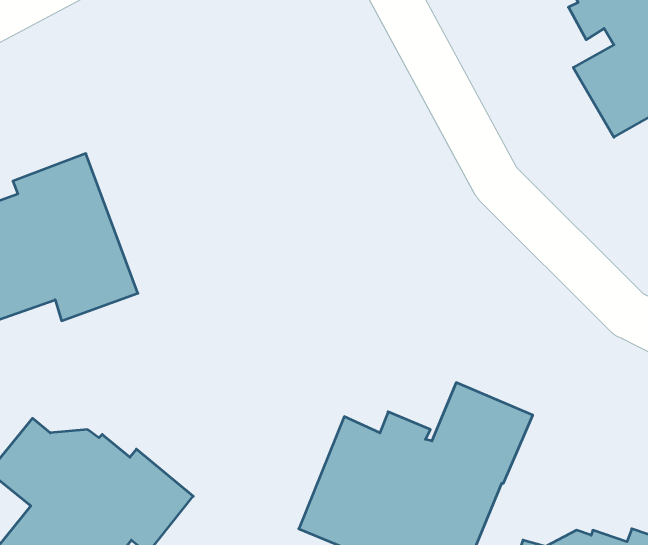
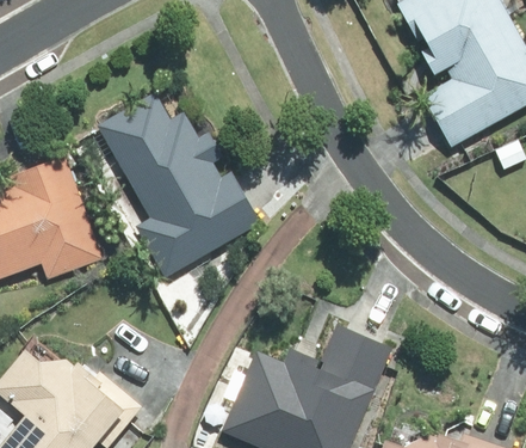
building: none -> [95,92,260,278]

